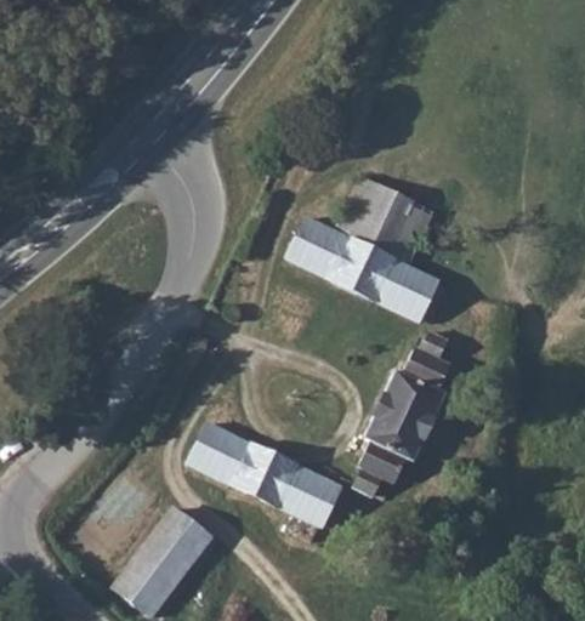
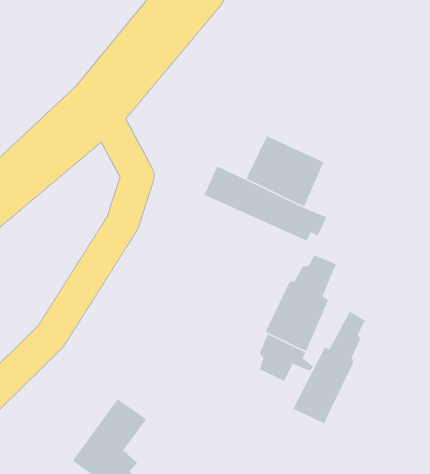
building: none -> [292,310,366,425]
building: [192,425,343,534] -> none

